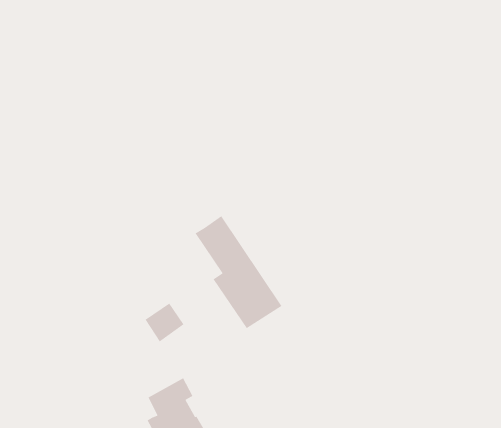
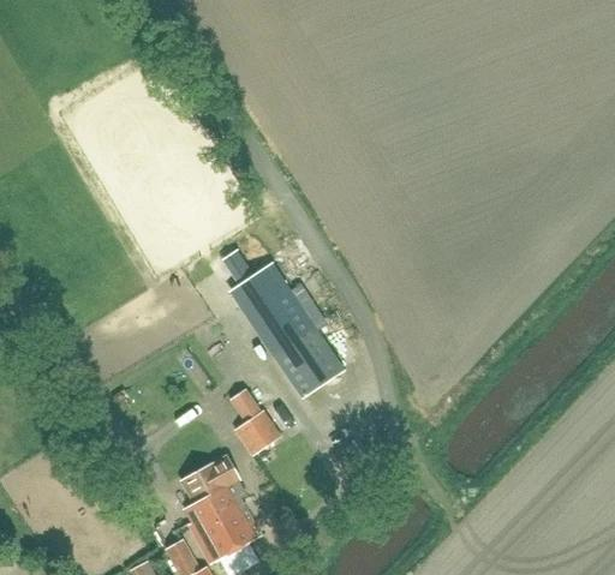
building: [144,302,184,342] -> [232,408,280,456]

